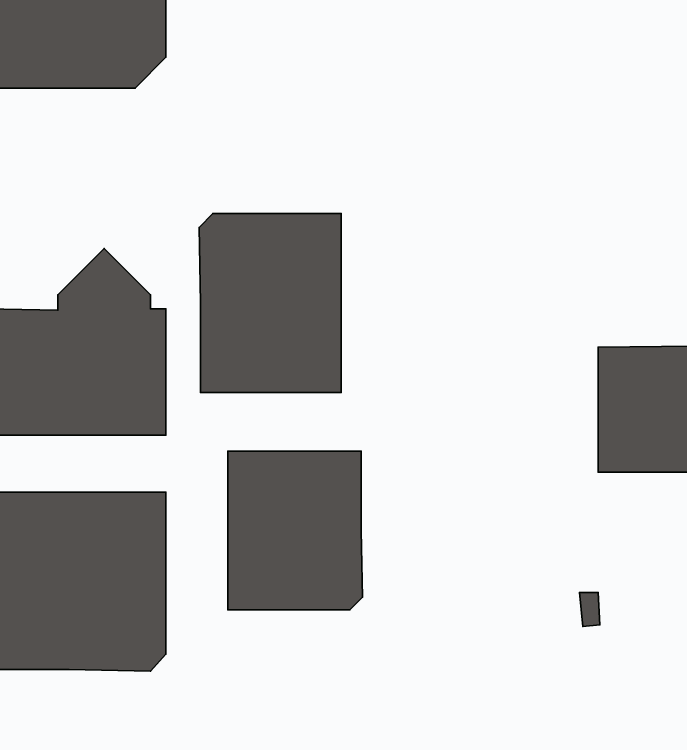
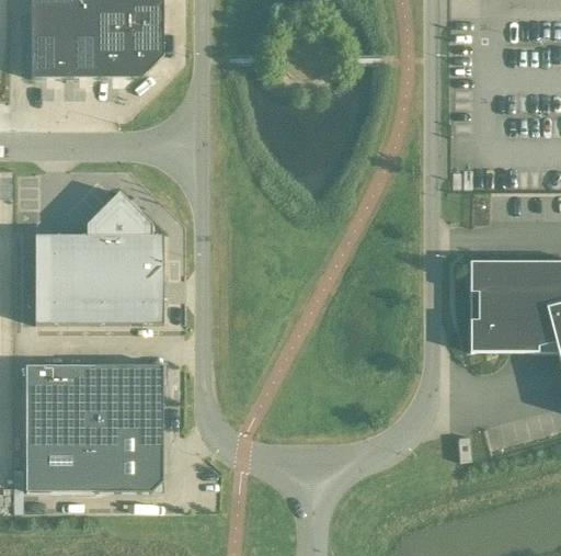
building: [199,213,341,392] -> none
building: [228,451,362,610] -> none

